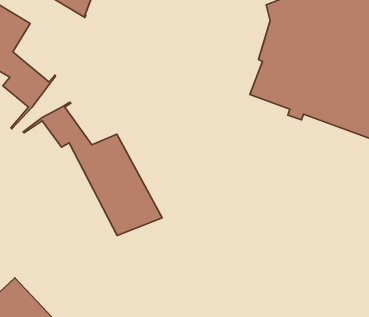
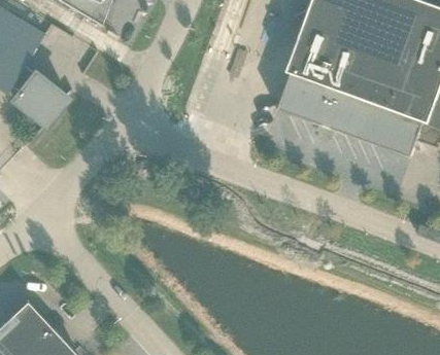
building: [23,102,162,236] -> none

